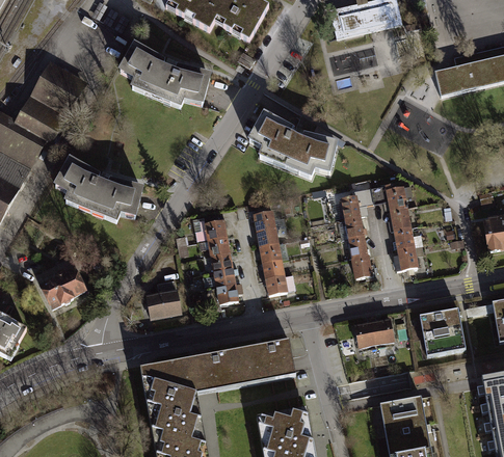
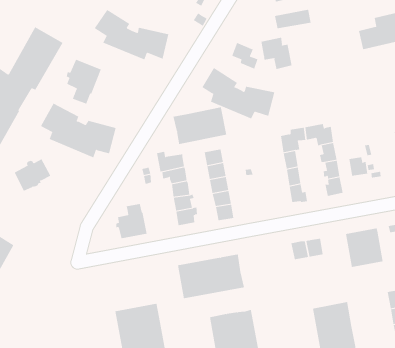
building: none -> [261,37,292,70]
building: none -> [232,42,258,69]
building: none -> [66,59,102,104]
building: none -> [173,106,227,145]
building: none -> [349,156,368,177]
building: [42,267,86,306] -> [14,158,51,191]
building: [137,351,227,406] -> none

